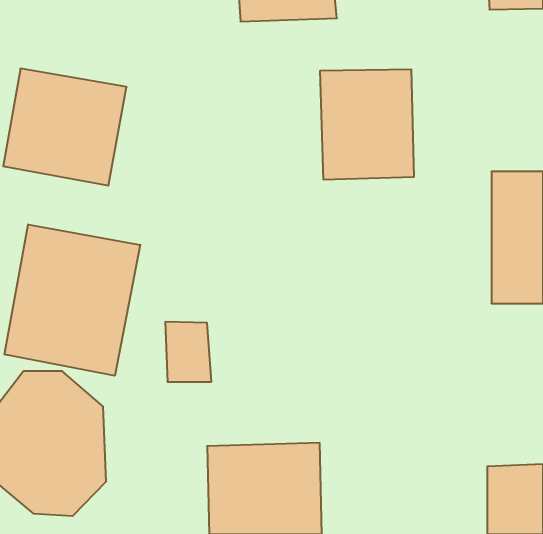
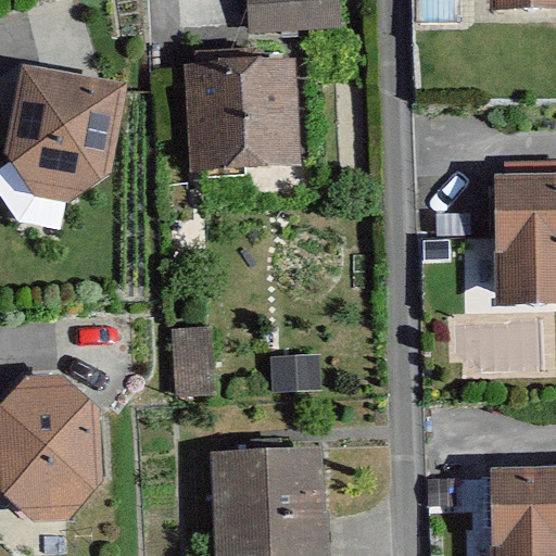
building: none -> [184,55,300,167]
building: [320,69,414,180] -> none
building: [4,224,140,376] -> none

